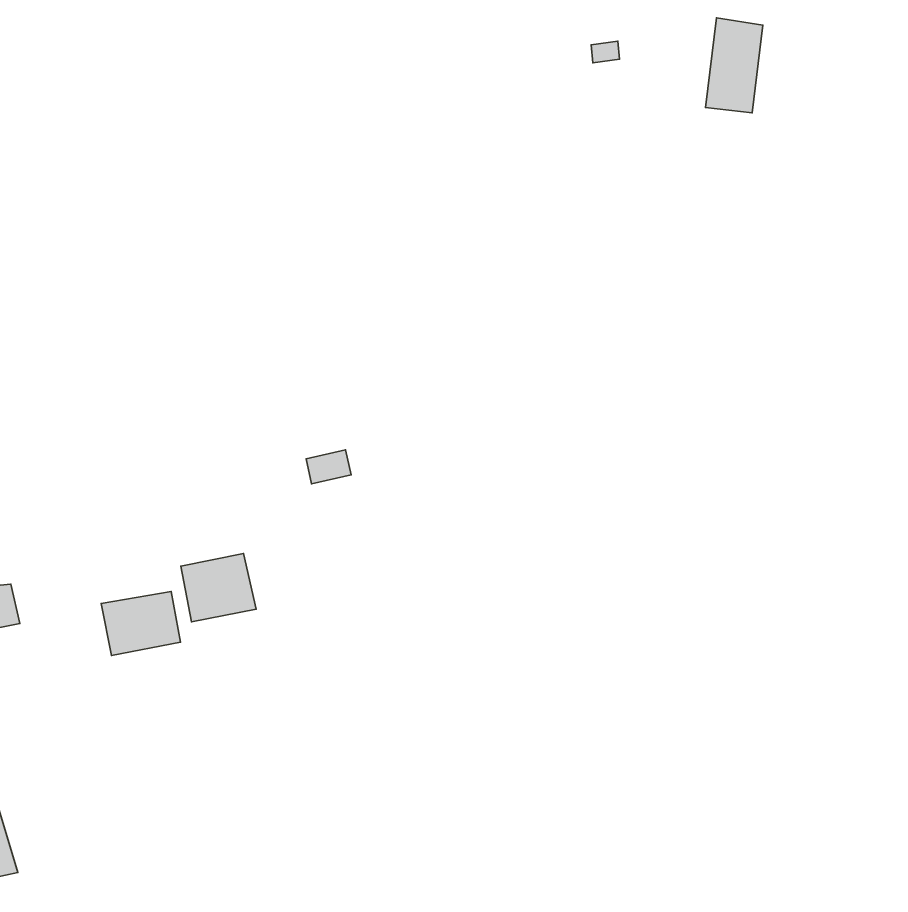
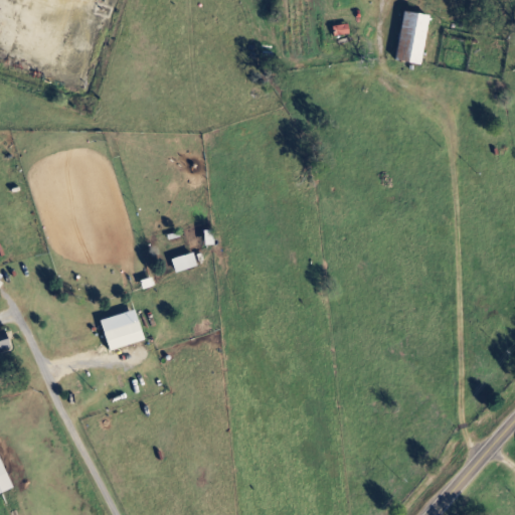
building: [101,591,181,656] -> none

